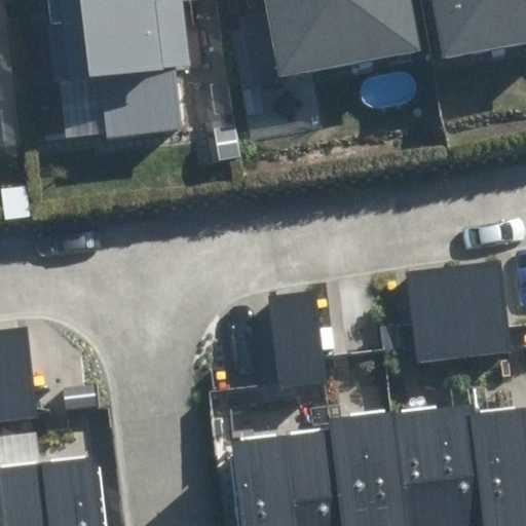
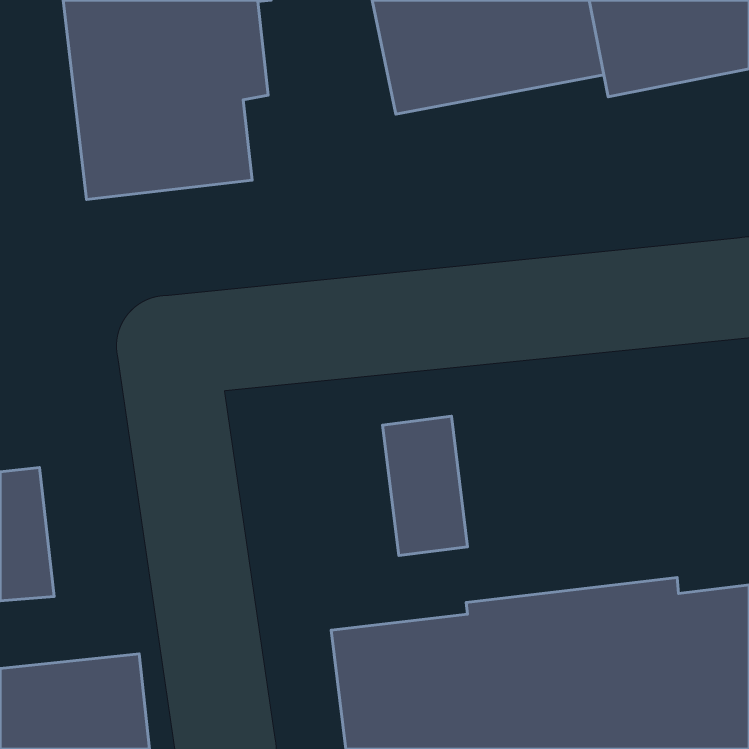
building: [405,260,512,364] -> none

